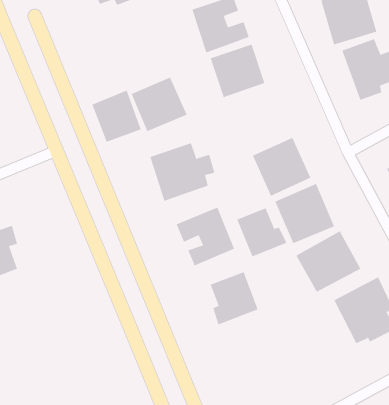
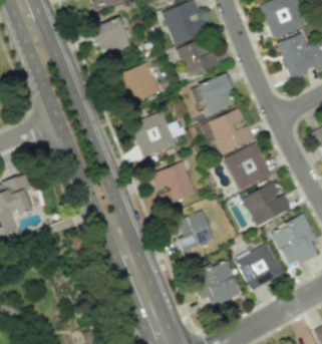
building: [92,90,142,143] -> [91,16,129,56]
building: none -> [198,72,236,113]
building: [237,207,287,257] -> none
building: none -> [235,243,283,290]
building: none -> [192,259,241,307]

